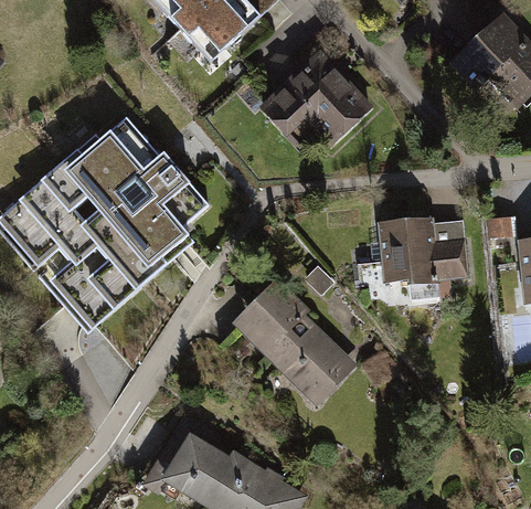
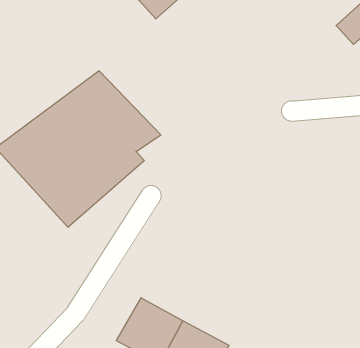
building: [264,54,371,144] -> none
building: [373,213,461,282] -> none
building: [230,277,354,405] -> none

